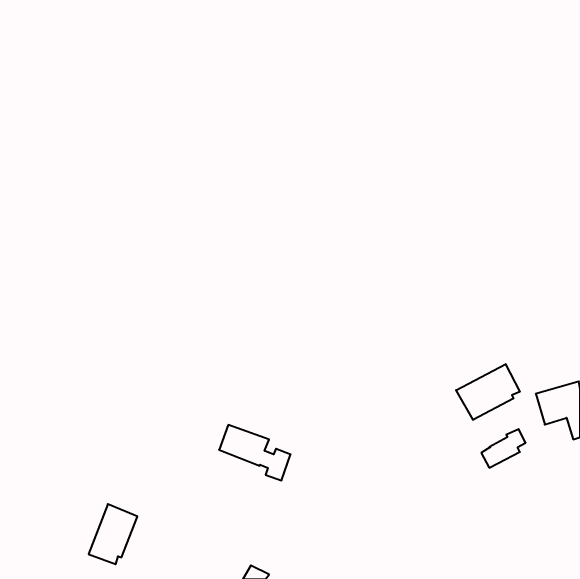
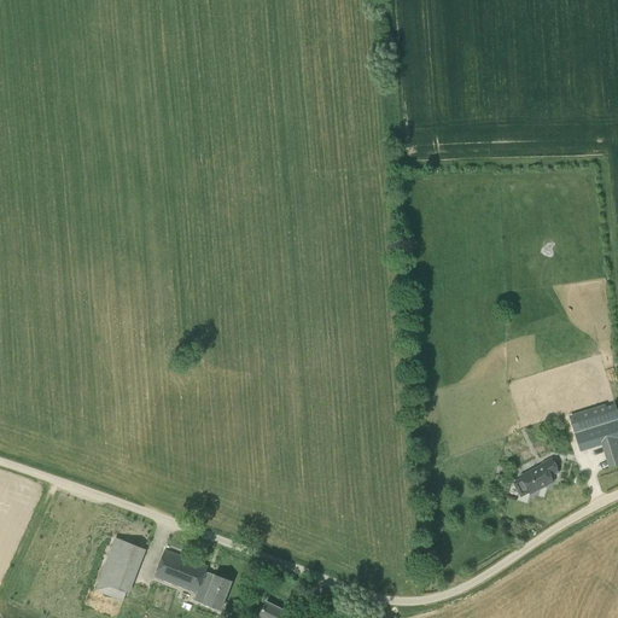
building: [456,364,520,420] -> none
building: [219,425,291,480] -> [154,549,231,608]

